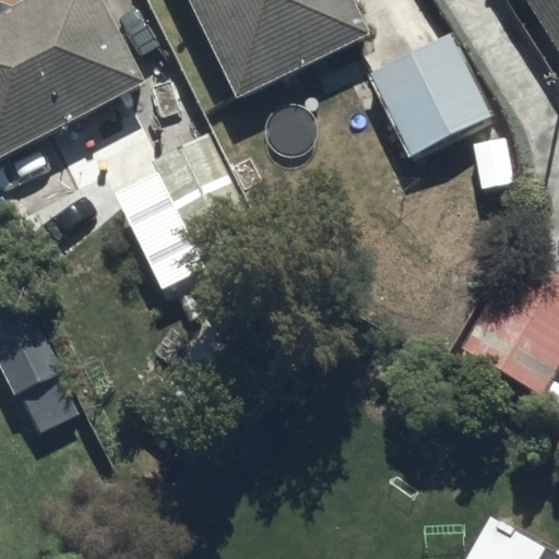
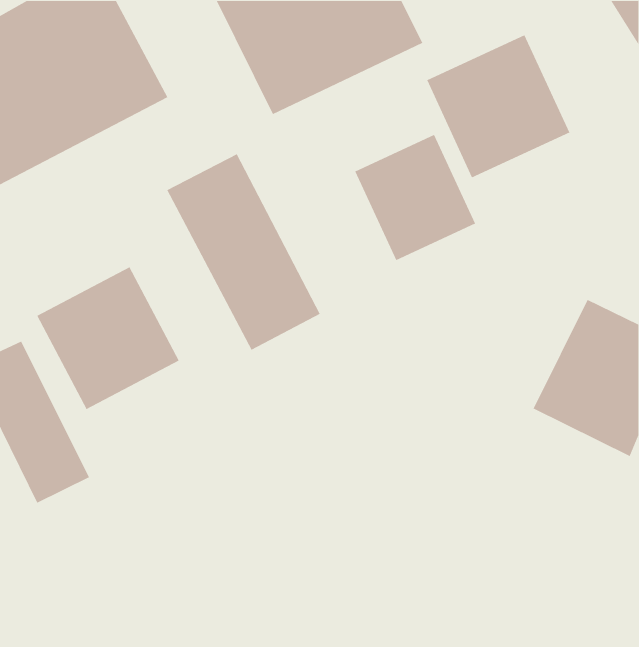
building: none -> [354,134,476,261]
building: none -> [36,266,180,410]

